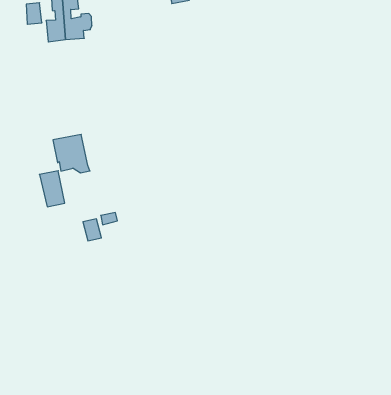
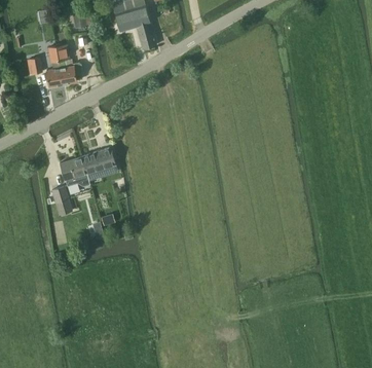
building: none -> [81,147,116,180]

